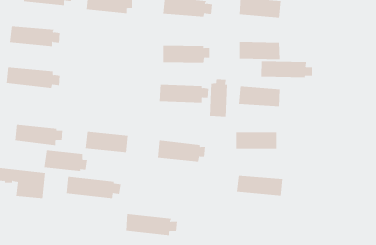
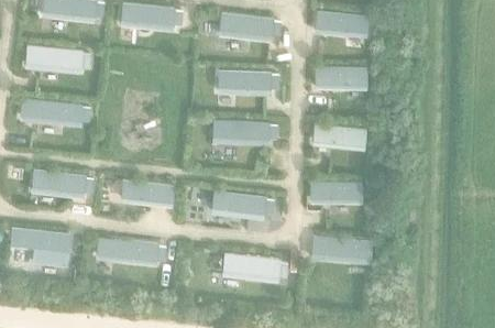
building: [261,61,313,78] -> none
building: [209,78,227,118] -> none
building: [44,149,87,172] -> none
building: [126,213,178,236] -> [223,254,289,283]

